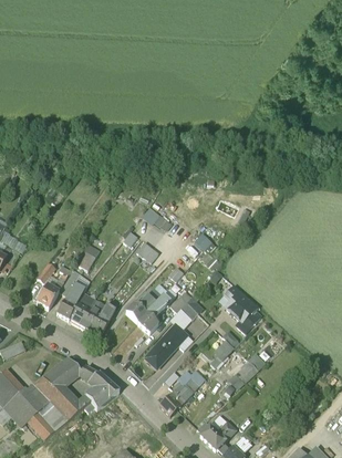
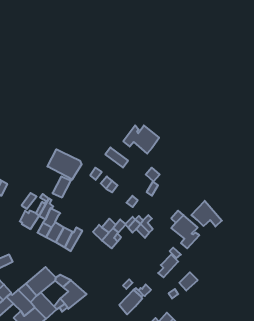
building: none -> [123,125,159,154]
building: none -> [47,149,82,180]
building: none -> [191,201,222,227]
building: [144,324,186,368] -> none

